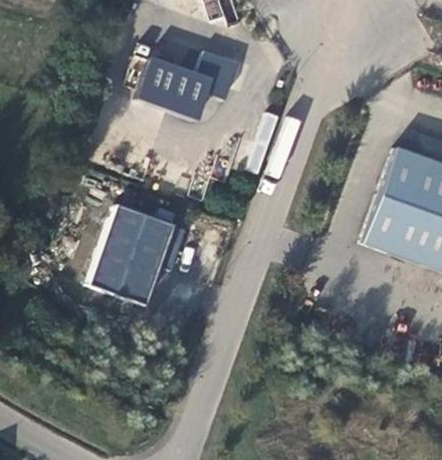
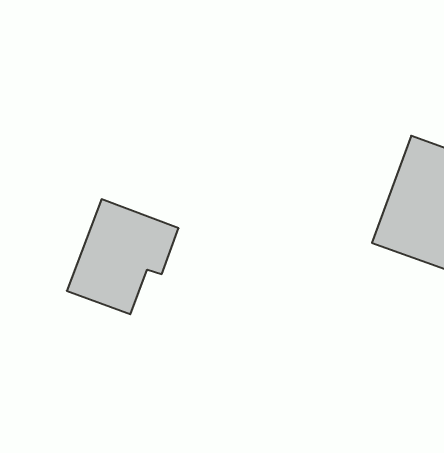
building: [137,48,238,119] -> none

